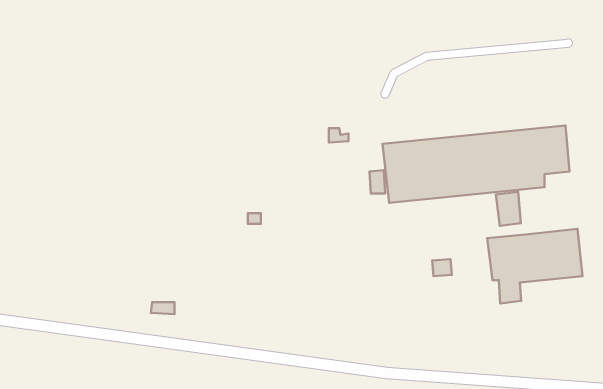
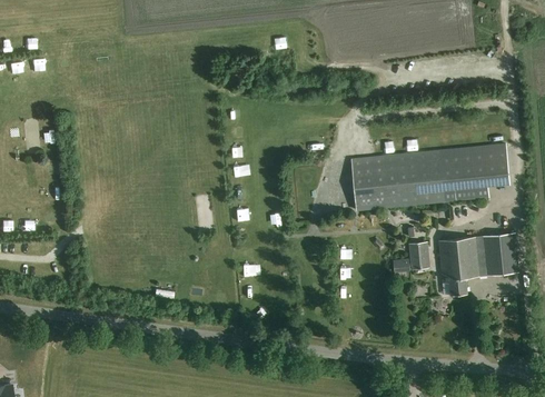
building: [496,192,521,226] -> [407,240,428,269]

